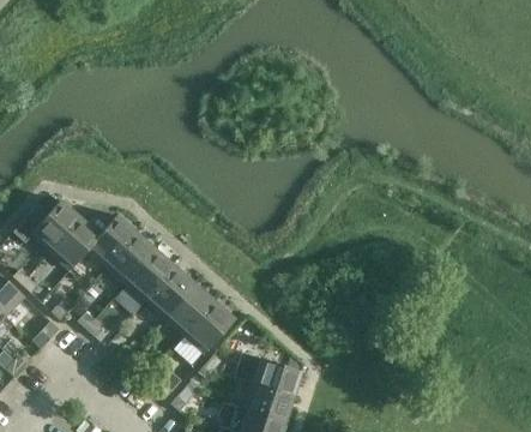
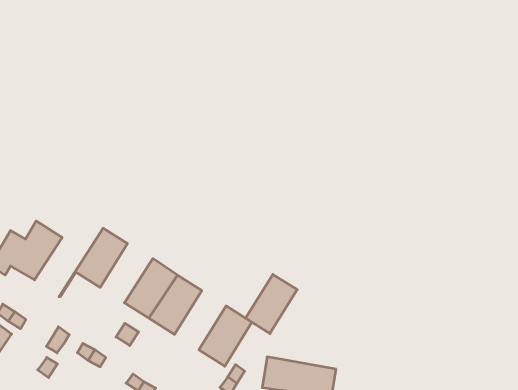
building: [52,211,119,270] -> none
building: [108,233,158,284] -> none
building: [167,284,216,336] -> [246,274,297,334]

